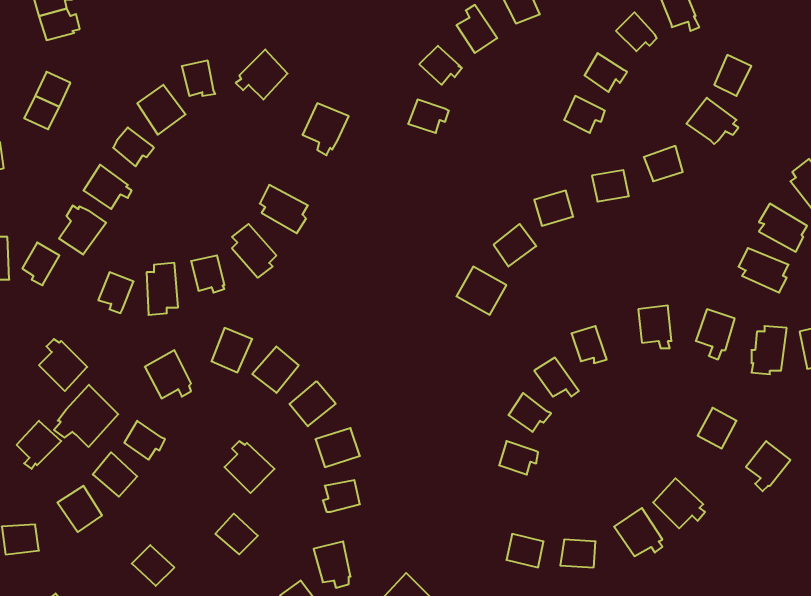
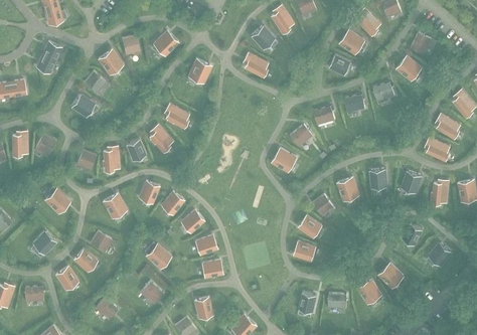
building: [59,205,106,255] -> none
building: [54,385,118,447] -> none

